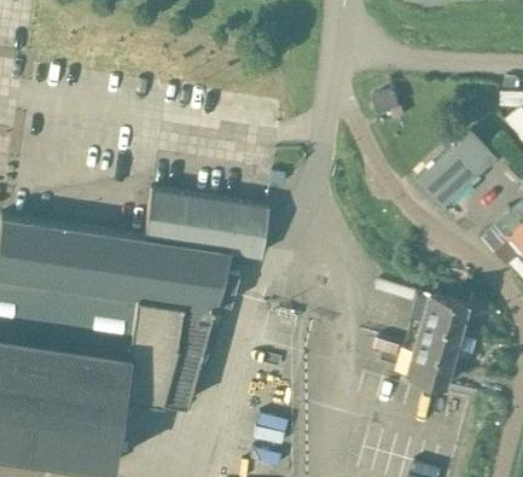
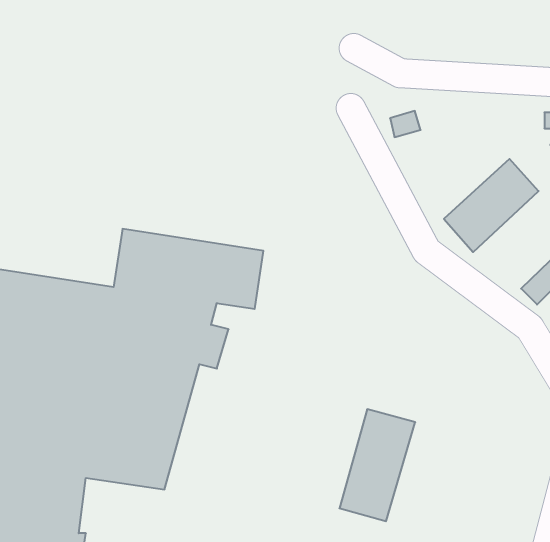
building: [408,296,471,389] -> [339,409,415,521]

